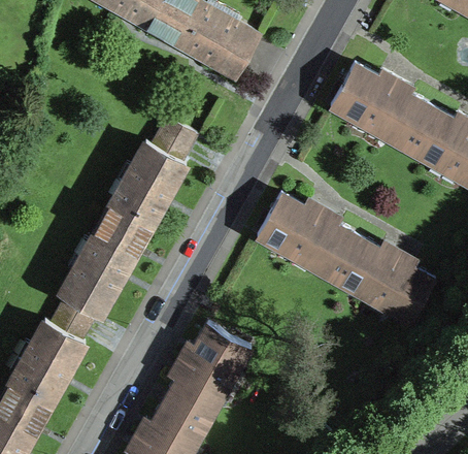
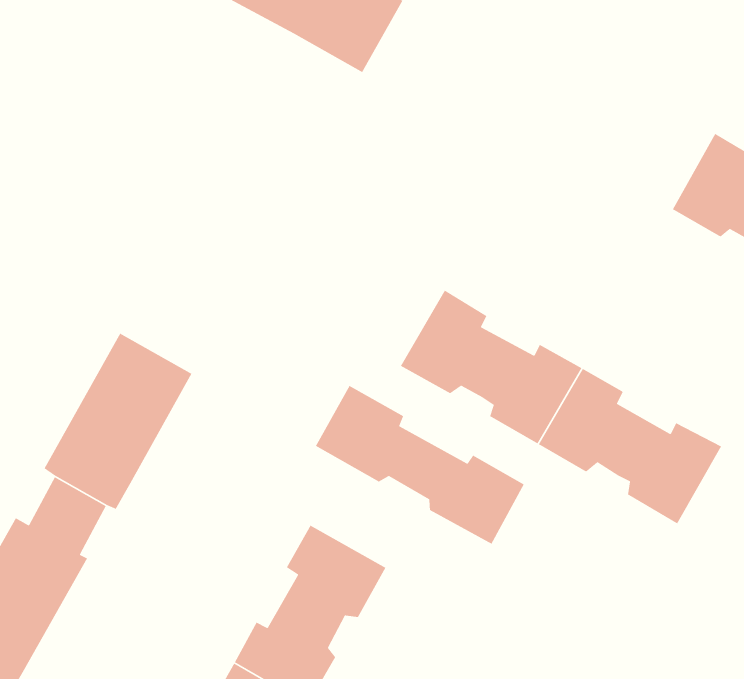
building: [331,65,431,150] -> none
building: [102,119,196,240] -> none
building: none -> [315,385,525,545]

